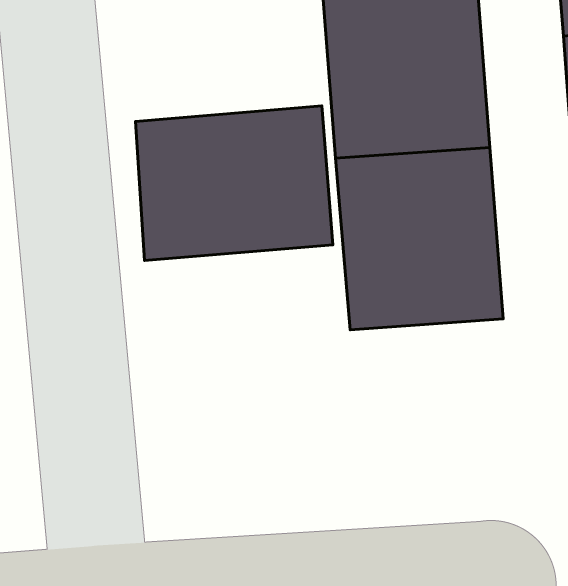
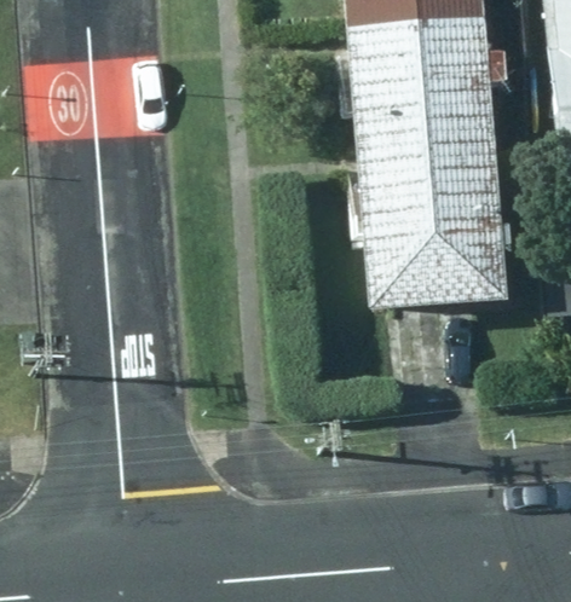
building: [135,106,333,261] -> none

